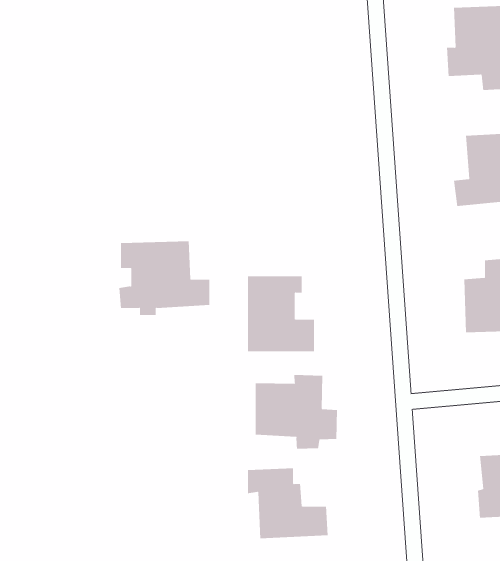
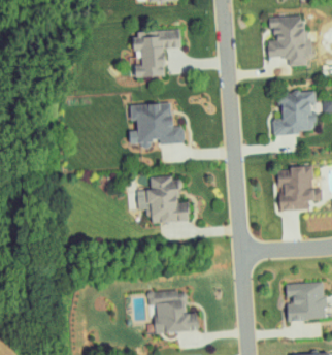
building: none -> [134,30,180,76]
building: [118,241,210,315] -> [129,103,184,148]
building: [255,374,338,450] -> none

